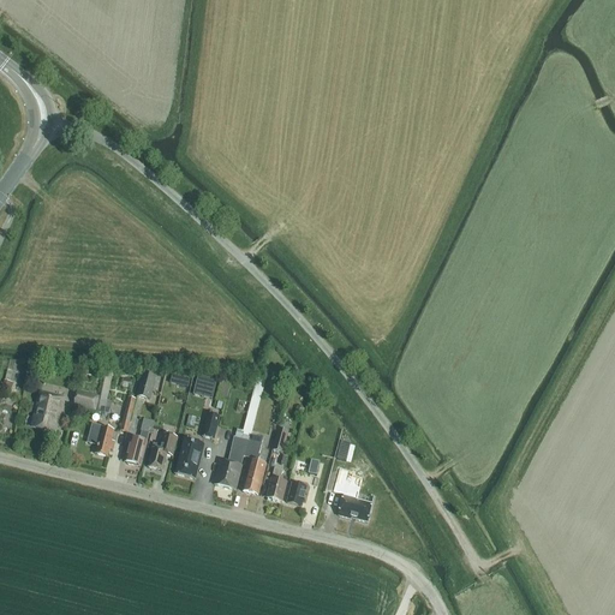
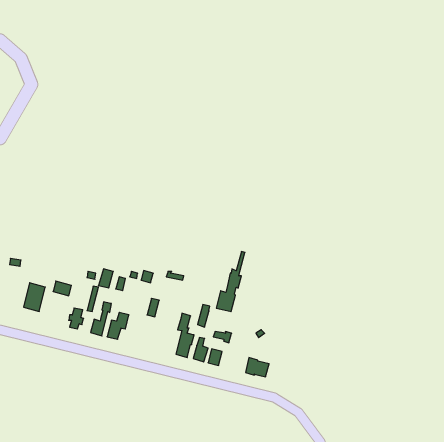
building: [216,405,256,488] -> [216,252,245,312]
building: [177,437,205,477] -> none

